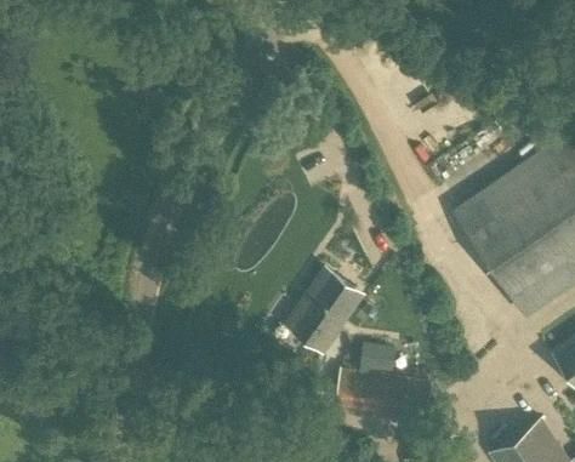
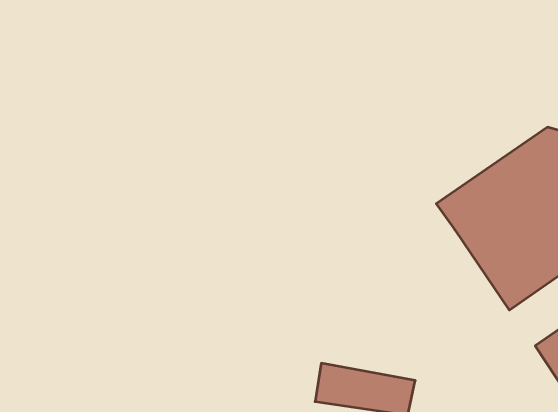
building: [289,273,359,349] -> none
building: [361,344,397,371] -> none

